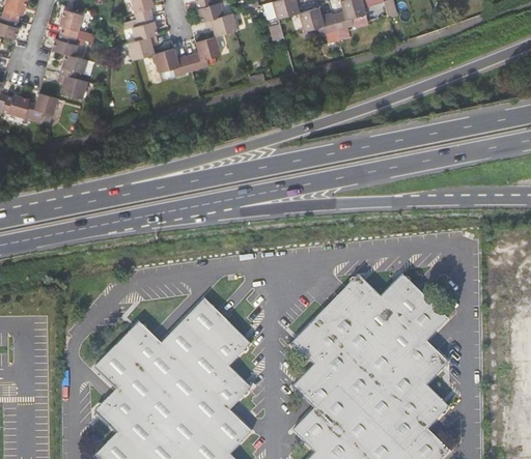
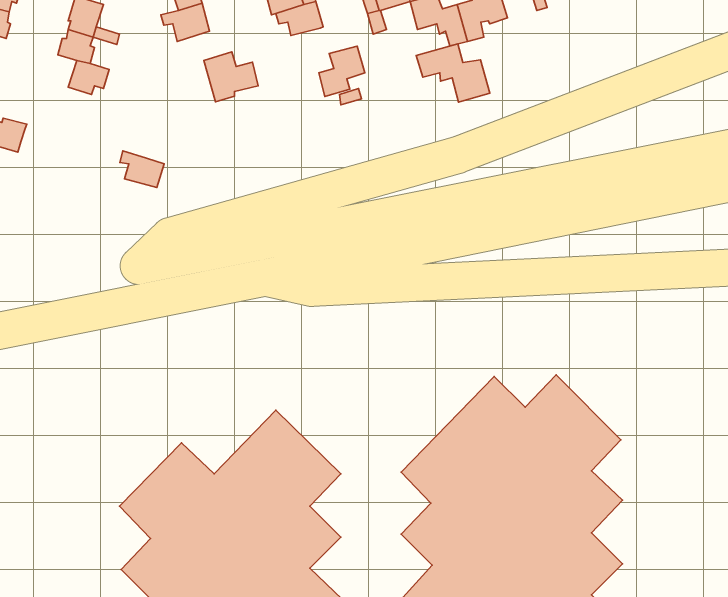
building: [127,33,158,59] -> none
building: [188,35,220,70] -> [319,46,365,96]
building: none -> [416,44,490,102]
building: [56,71,87,97] -> [120,151,164,188]
building: [25,91,56,114] -> none

